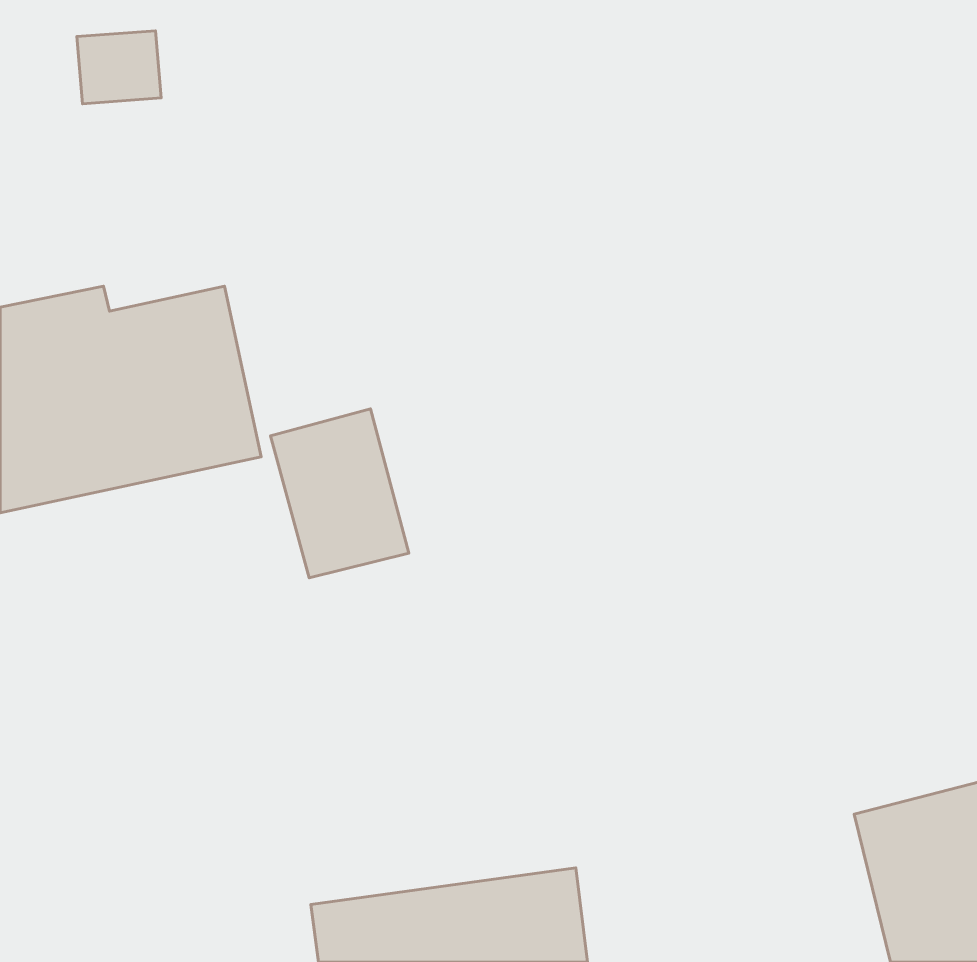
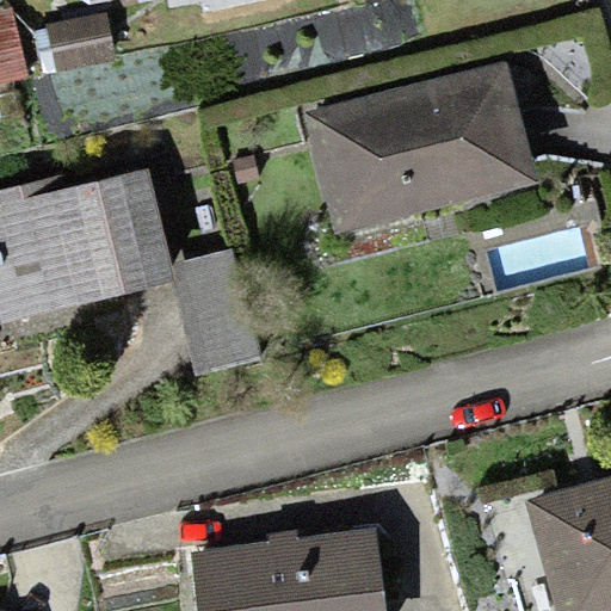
building: none -> [306,72,525,228]

